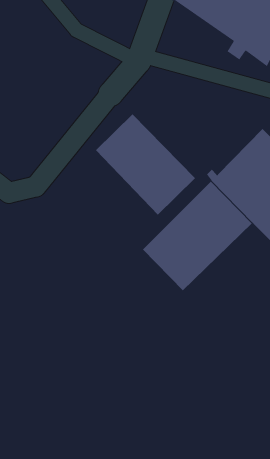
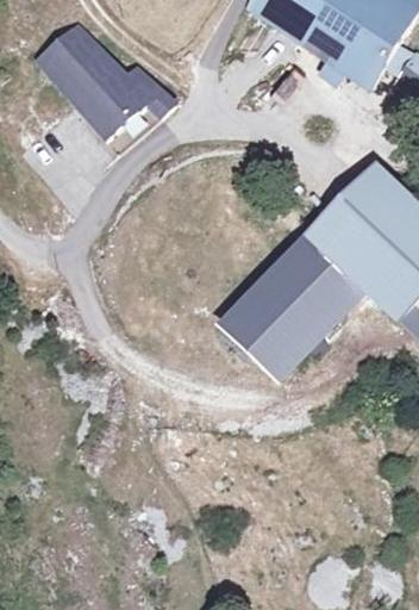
building: none -> [42,24,174,133]
building: [95,113,196,216] -> none

